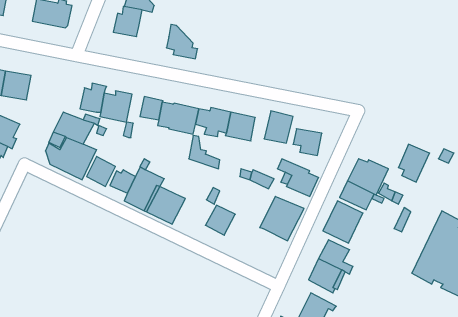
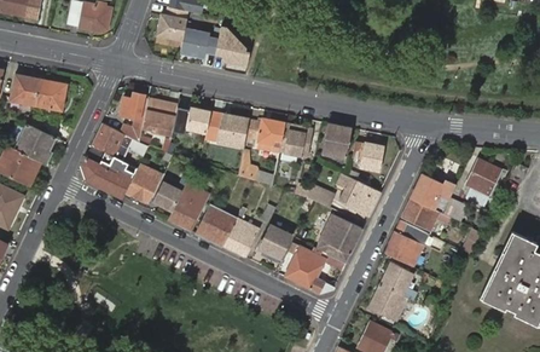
building: none -> [179,30,216,58]
building: none -> [220,208,256,255]
building: none -> [283,243,346,293]

